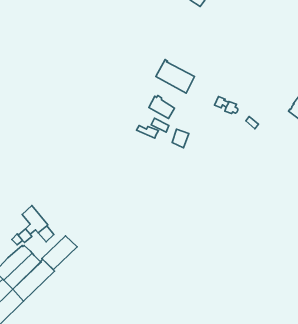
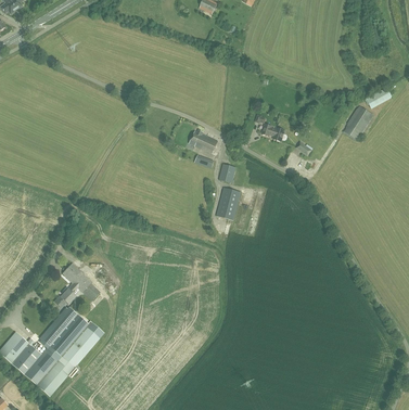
building: [156,59,195,93] -> none
building: none -> [215,187,240,220]
building: [42,236,77,270] -> none

